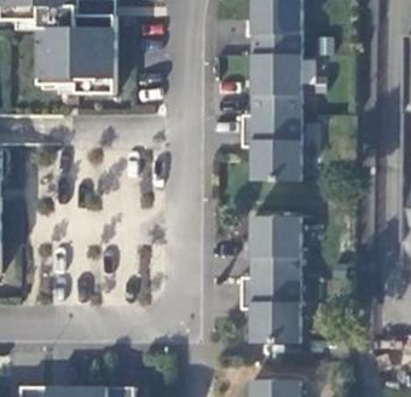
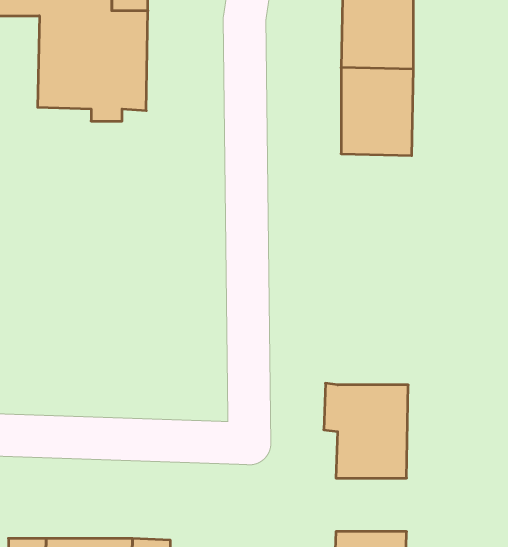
building: [243,116,302,183] -> none
building: [250,218,301,278] -> none

